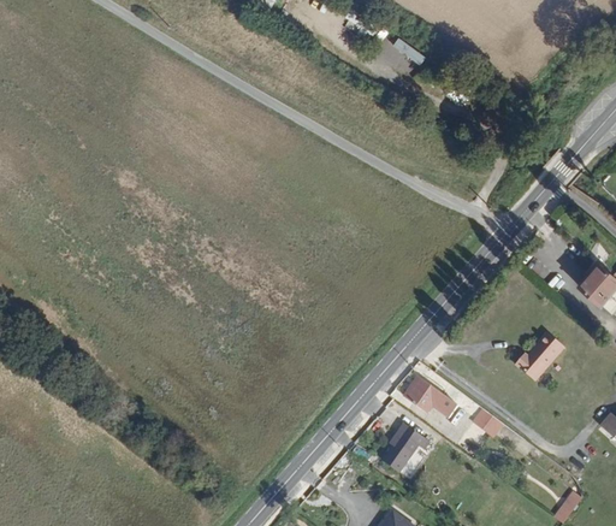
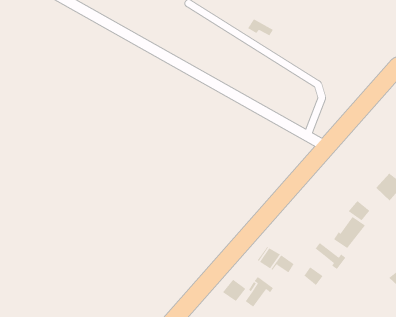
building: none -> [348,200,370,221]
building: none -> [315,242,346,270]
building: none -> [222,279,246,302]

